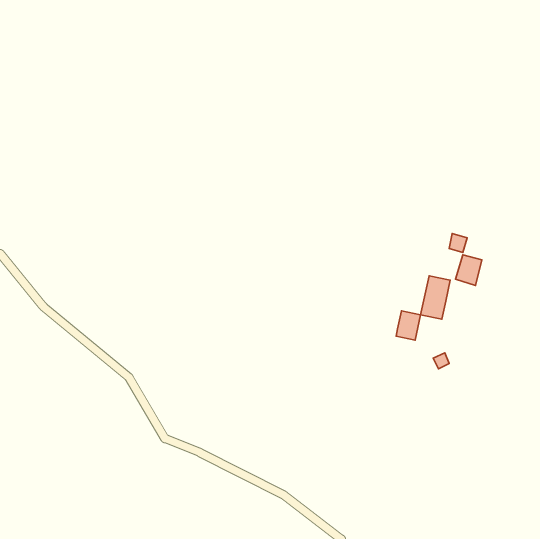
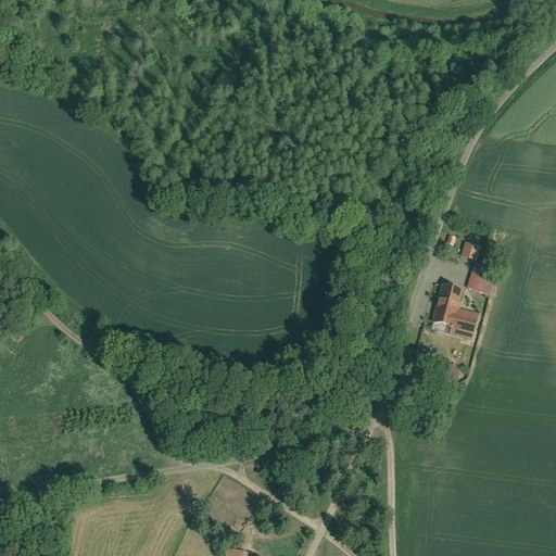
building: [396,311,421,340] -> [453,309,478,340]

